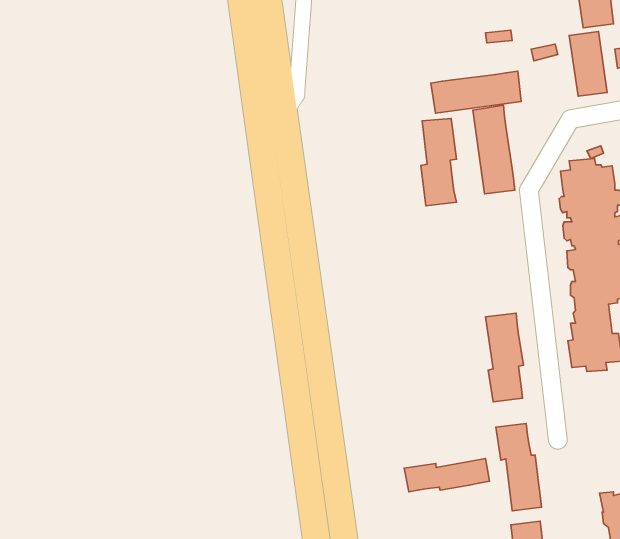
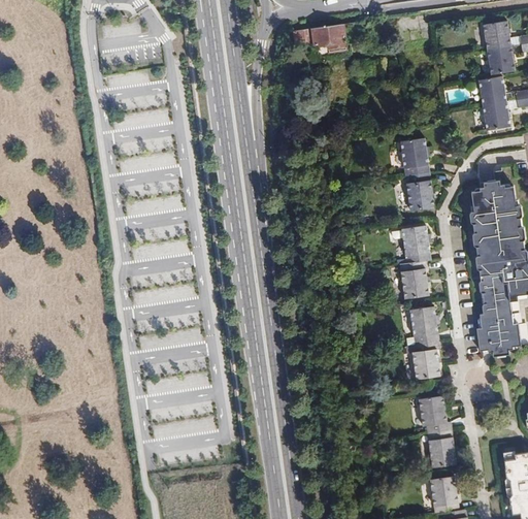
building: [431,71,521,113] -> none
building: [421,118,456,206] -> [400,226,429,297]
building: [404,459,490,492] -> none

